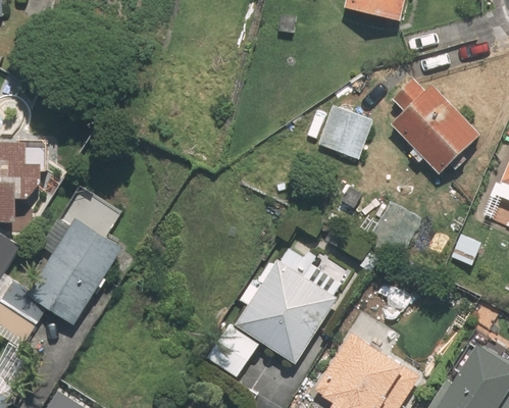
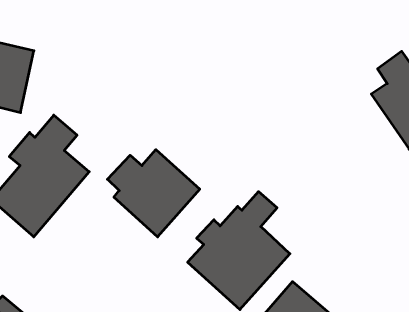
building: [316,104,373,160] -> none
building: none -> [107,150,200,237]

